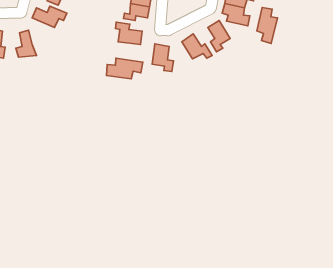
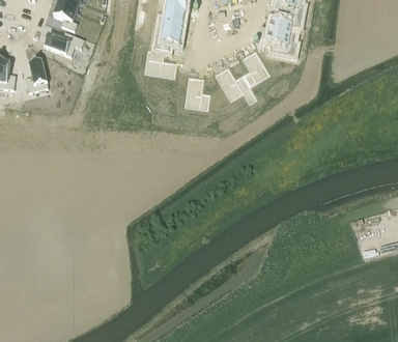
building: [257,7,277,43] -> none
building: [106,58,143,79] -> none

